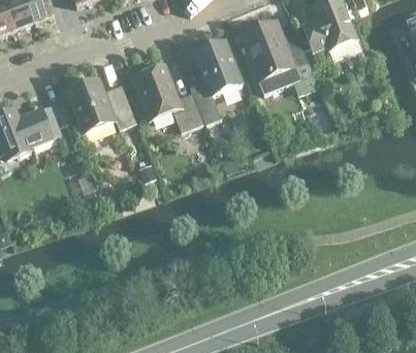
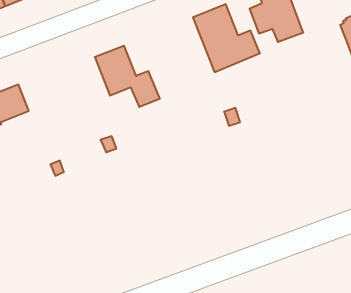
building: [189,39,241,123] -> none
building: [66,76,136,131] -> none

